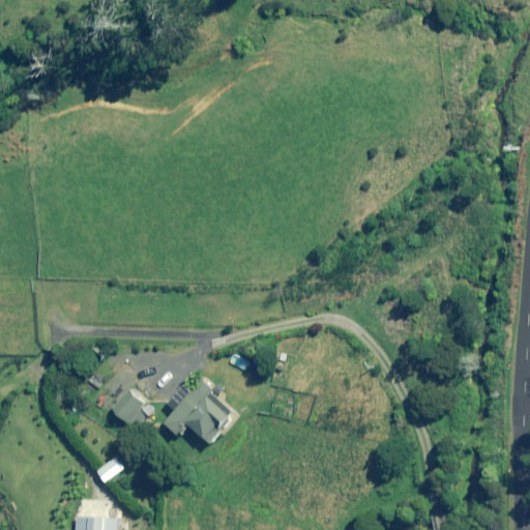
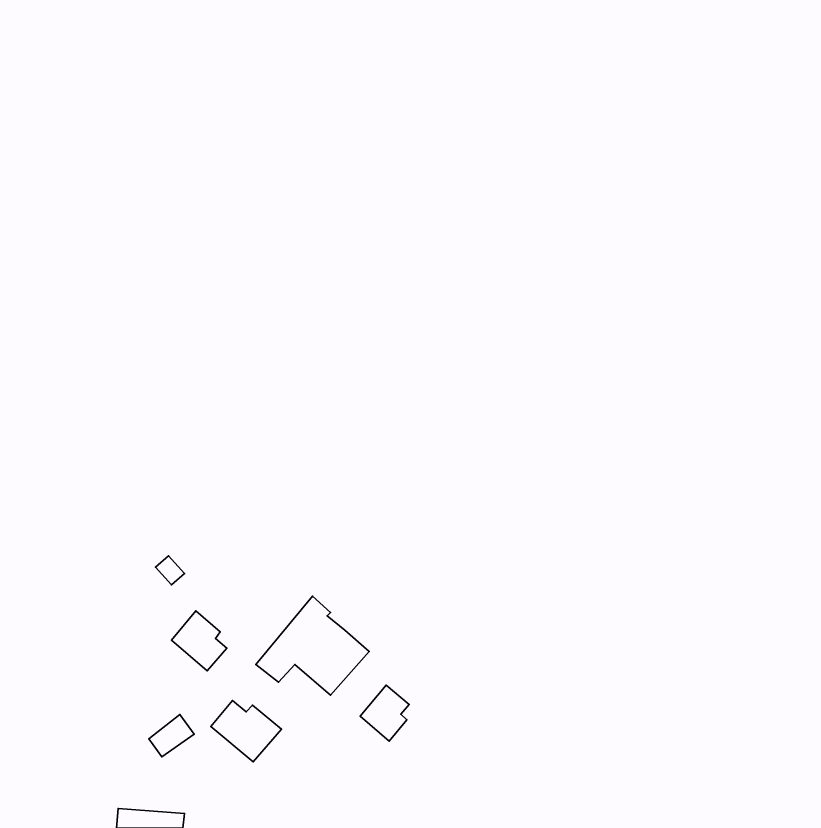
building: none -> [360,685,409,741]
building: none -> [211,700,282,762]

